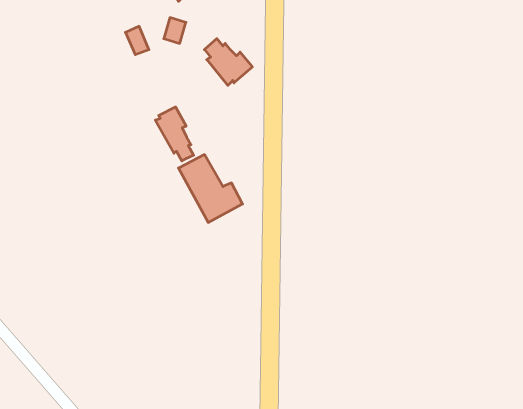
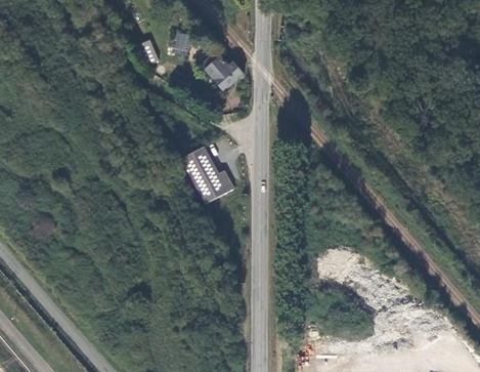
building: [155,107,194,161] -> none

